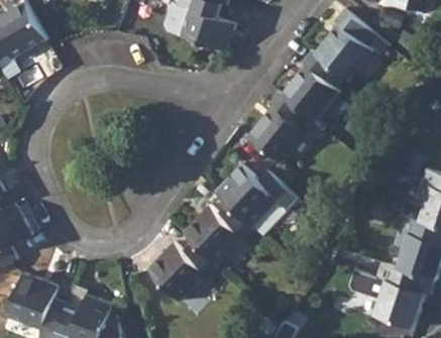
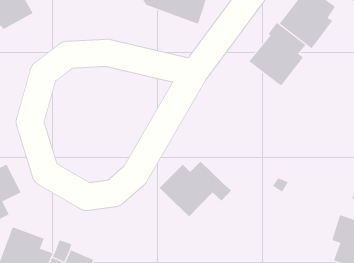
building: [247,91,311,161] -> none
building: [215,163,298,225] -> none
building: [146,239,226,301] -> none

